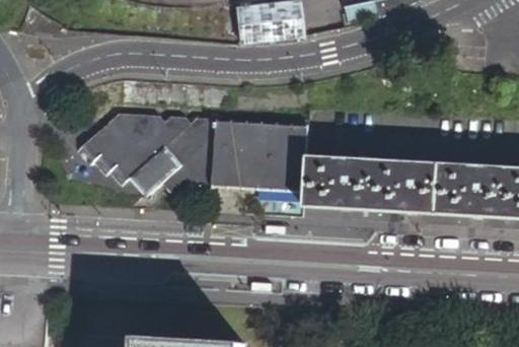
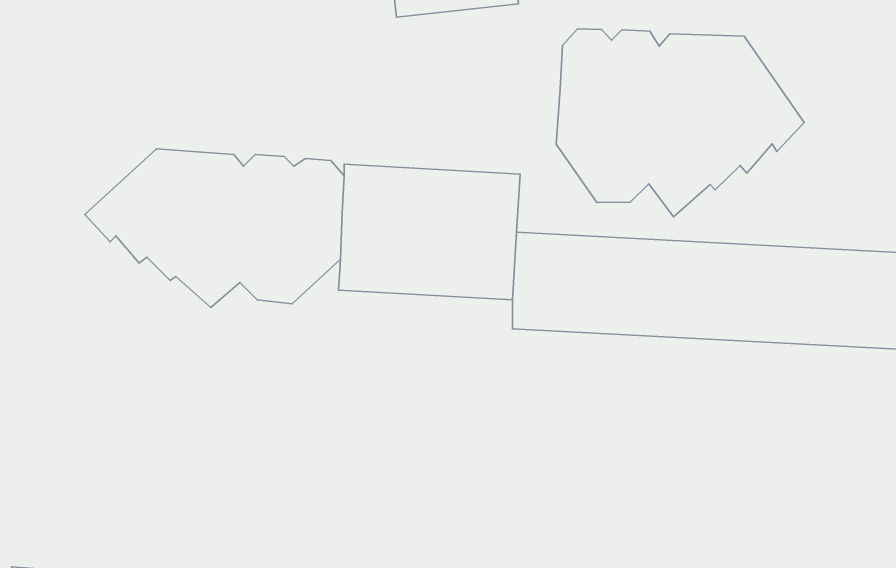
building: none -> [556,29,804,217]

